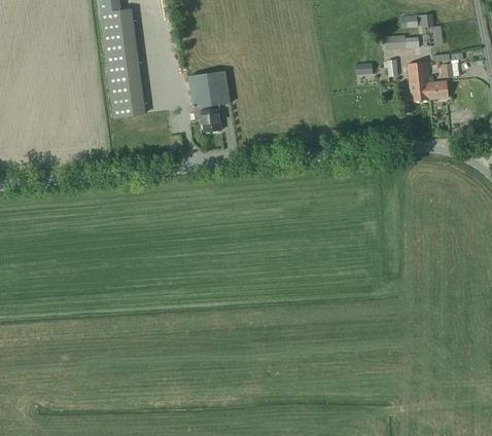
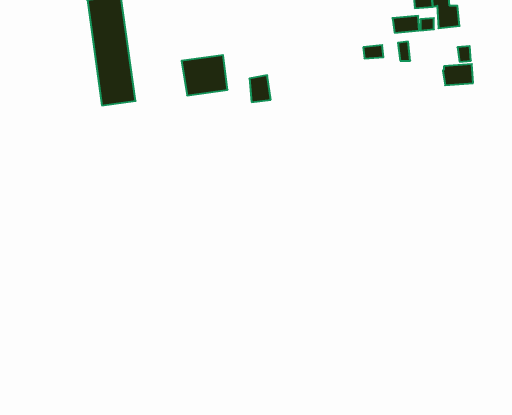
building: [409,61,429,101] -> none
building: [202,107,221,132] -> [249,75,271,102]

